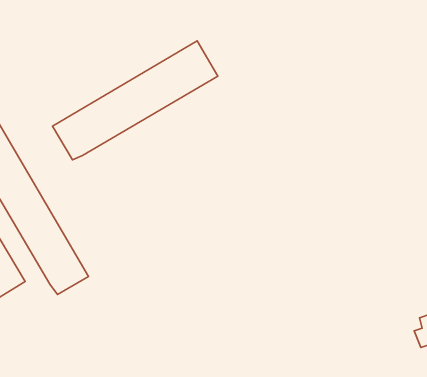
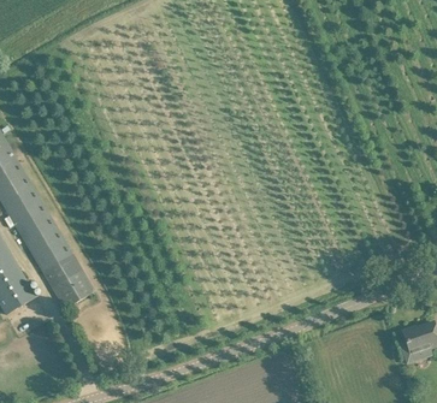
building: [53,41,218,160] -> none

